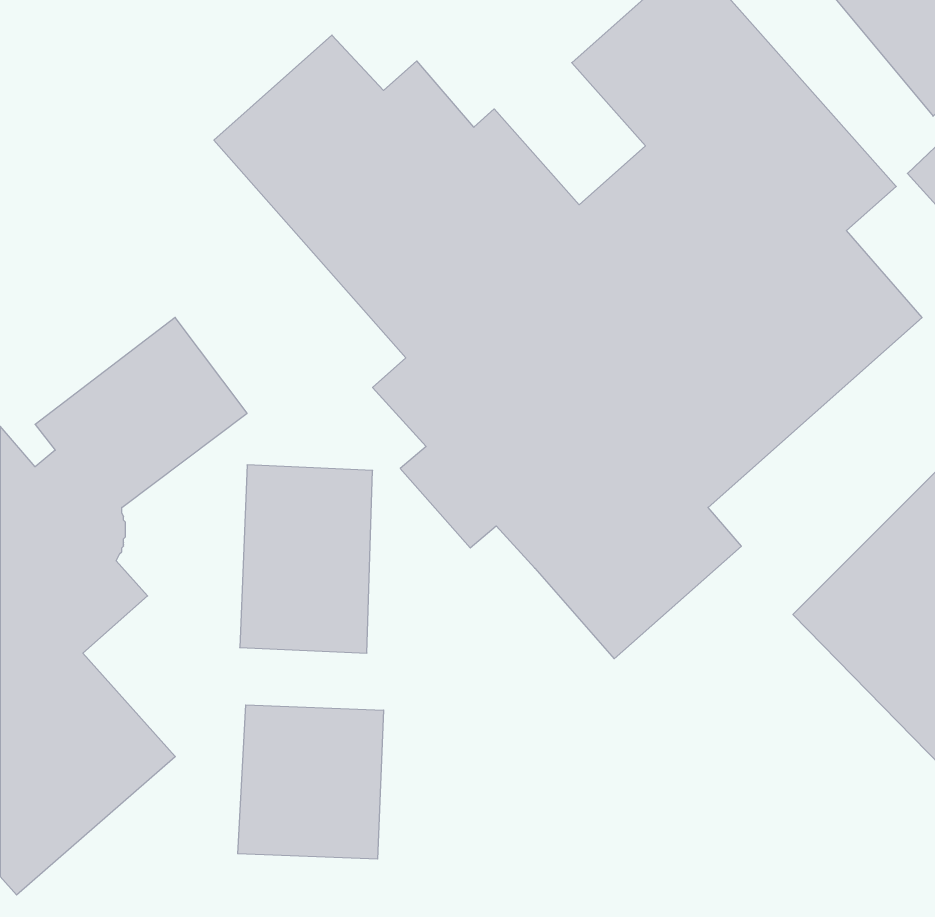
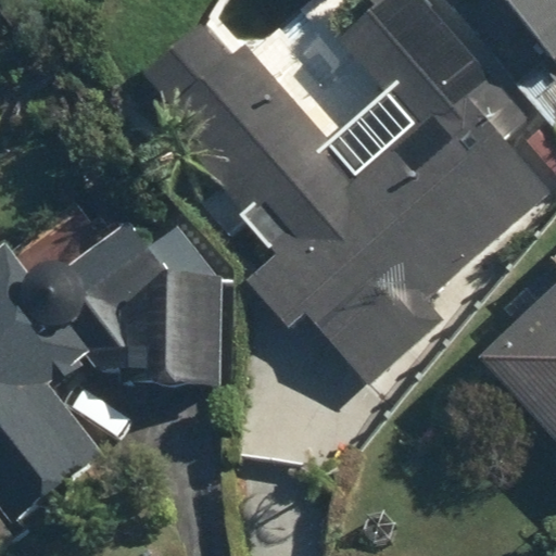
building: [238,705,384,859] -> none

